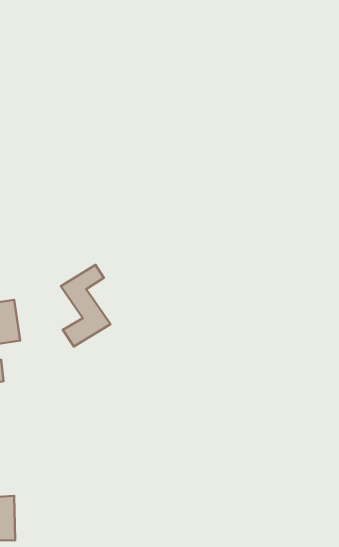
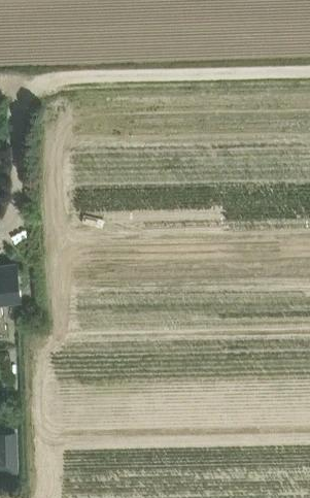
building: [61,265,110,347] -> none

